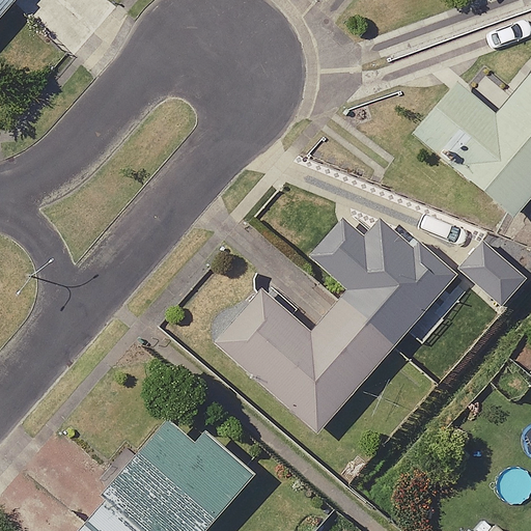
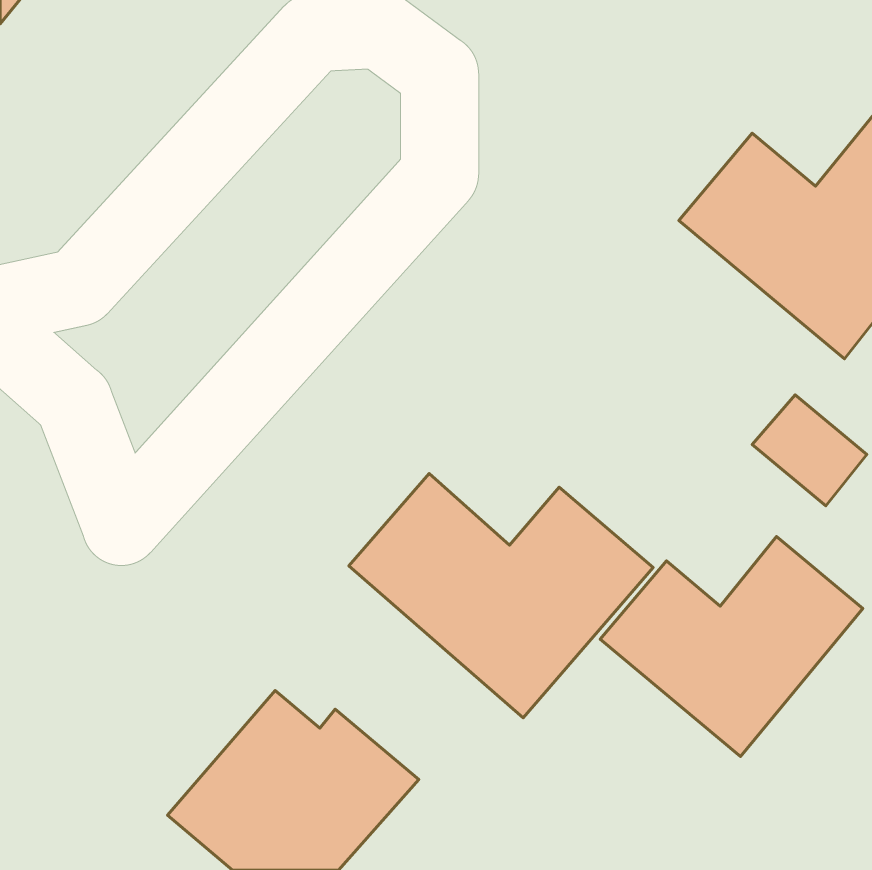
building: [307,215,456,344] -> none
building: none -> [600,537,863,757]

